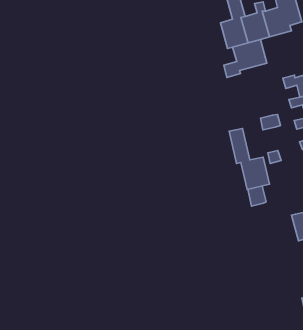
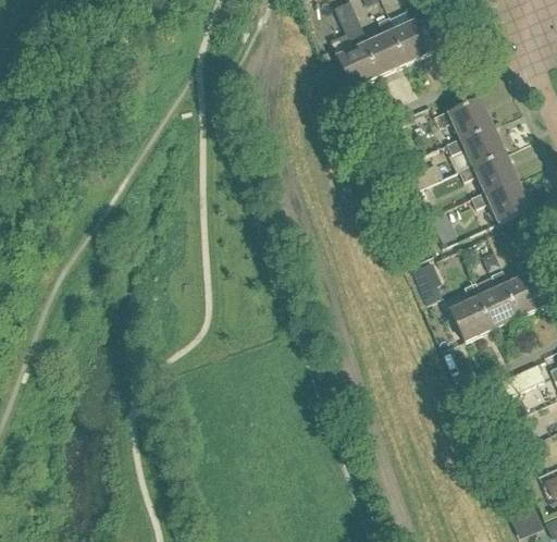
building: [224,40,267,78] -> none
building: [229,128,269,189] -> none
building: none -> [448,281,491,341]

